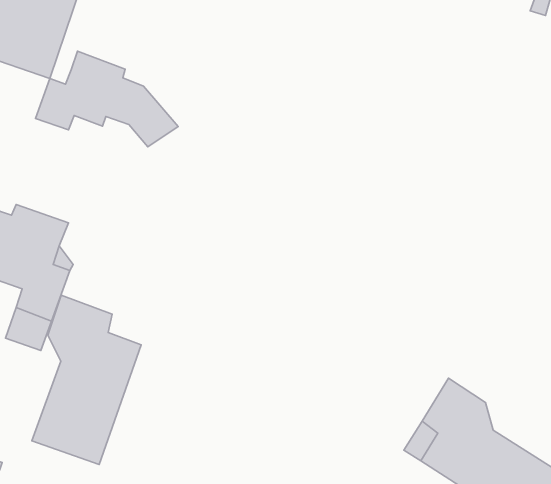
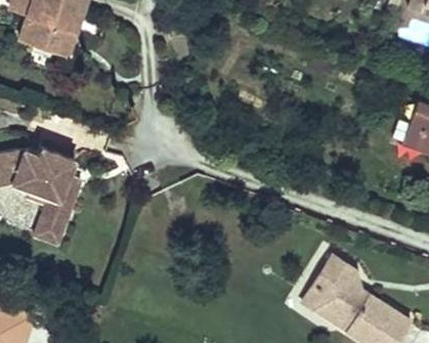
building: [35,51,178,147] -> none
building: [32,295,141,465] -> none

